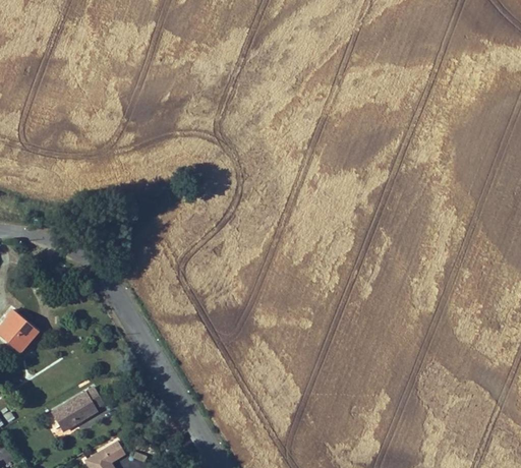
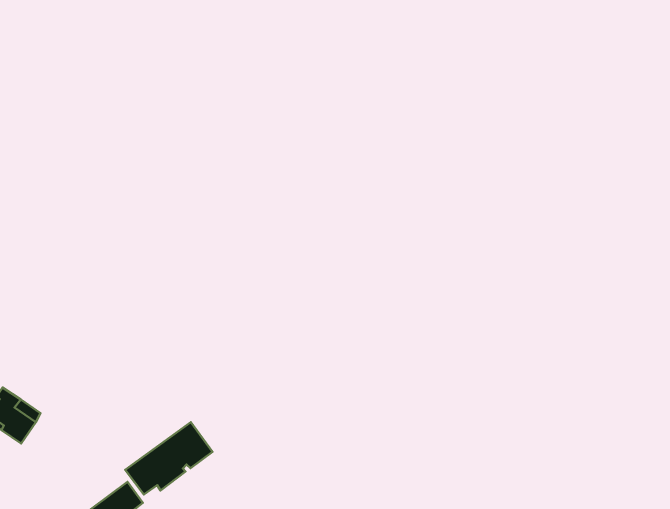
building: none -> [125,422,213,494]

